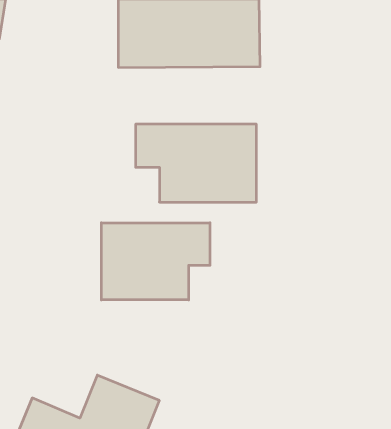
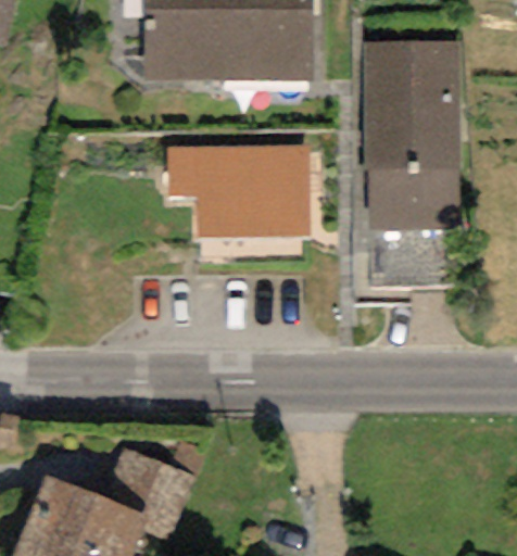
building: none -> [364,41,462,229]
building: [101,223,210,300] -> none

